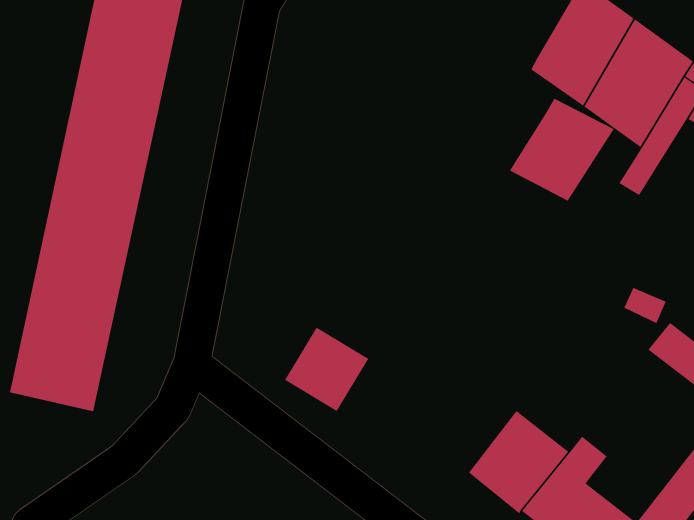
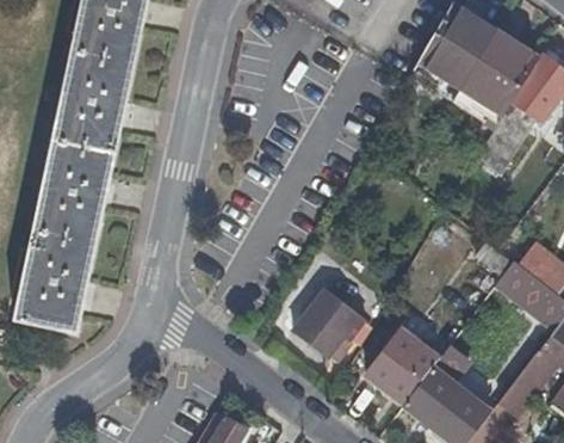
building: [509,98,615,201] -> none
building: [284,327,369,412] -> [287,284,351,347]

